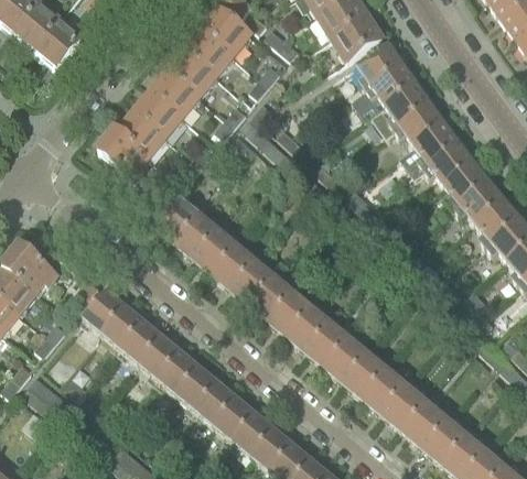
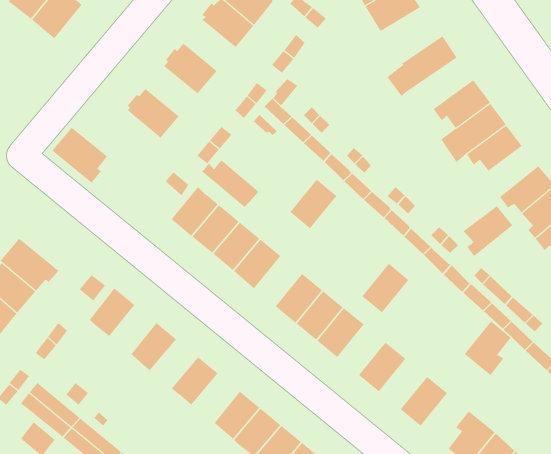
building: [358,44,404,88] -> none
building: [170,48,217,95] -> none
building: [372,83,431,135] -> none
building: [136,90,183,135] -> none
building: [99,129,150,179] -> [51,127,108,184]
building: [444,162,490,208] -> [463,205,513,257]
building: none -> [202,159,259,208]
building: [234,261,277,306] -> [289,179,337,229]
building: [104,305,146,349] -> none
building: [309,323,352,368] -> [361,263,409,313]
building: [140,336,183,380] -> none
building: [346,353,389,399] -> none
building: [178,367,221,411] -> none
building: [384,384,427,434] -> [464,321,512,376]

